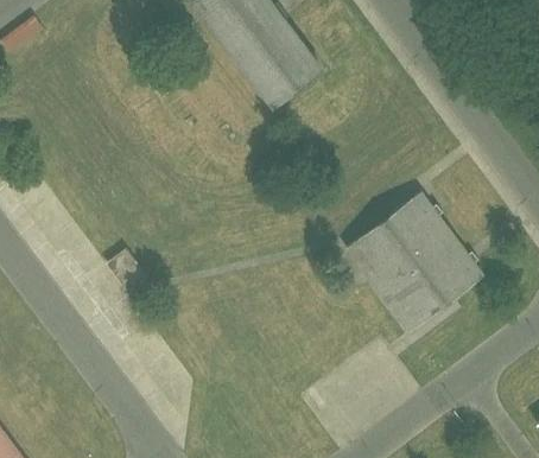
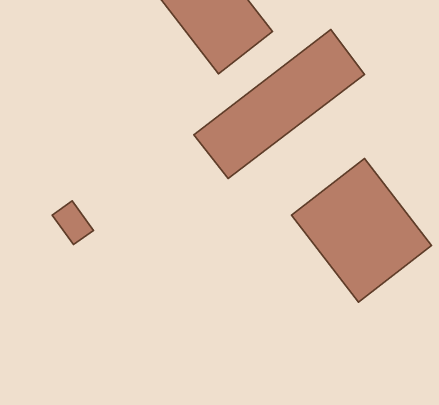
building: none -> [194,29,364,178]

